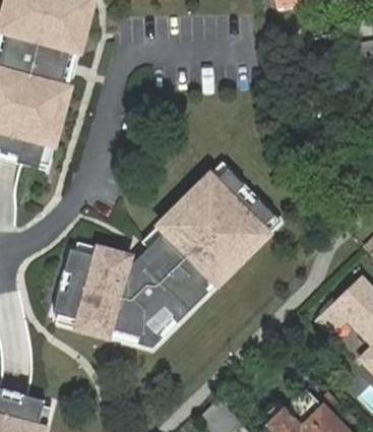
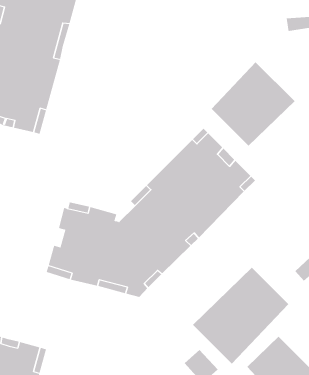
building: none -> [211,61,295,146]
building: none -> [192,267,289,364]

